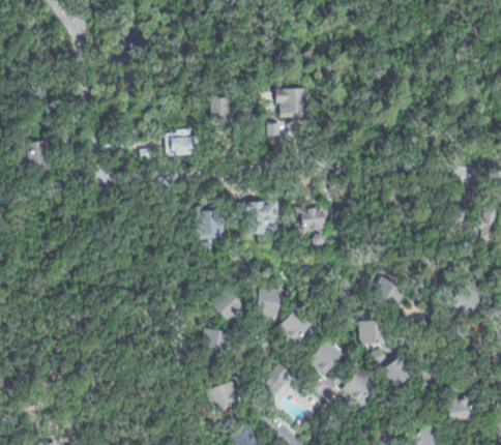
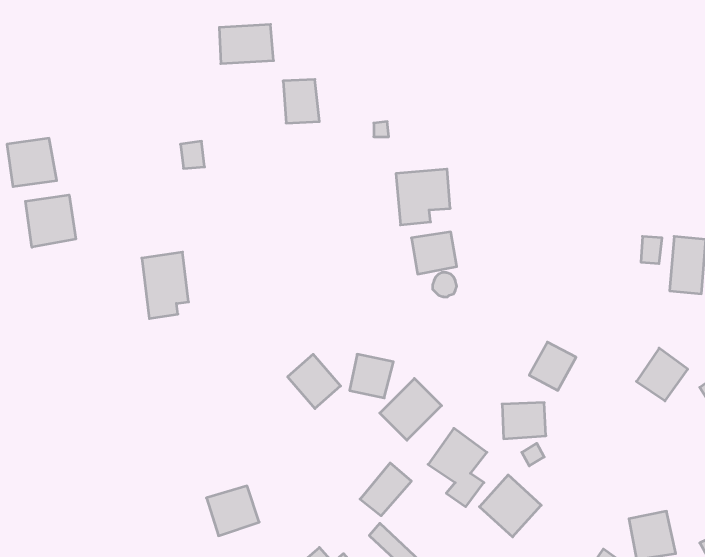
building: [276,87,312,123] -> none
building: [161,129,199,156] -> [219,24,274,64]
building: none -> [25,195,76,247]
building: [243,197,281,235] -> [396,169,450,225]
building: [193,205,225,250] -> [142,252,189,319]
building: [202,327,231,357] -> none
building: [379,354,415,390] -> none
building: [205,379,241,413] -> [206,486,259,536]

